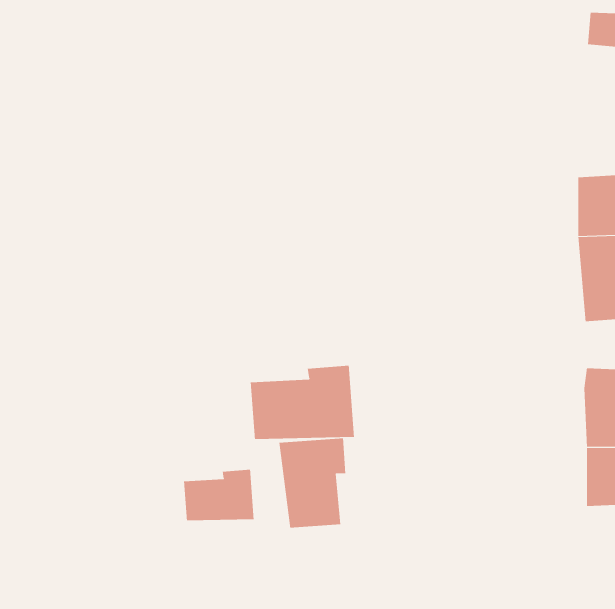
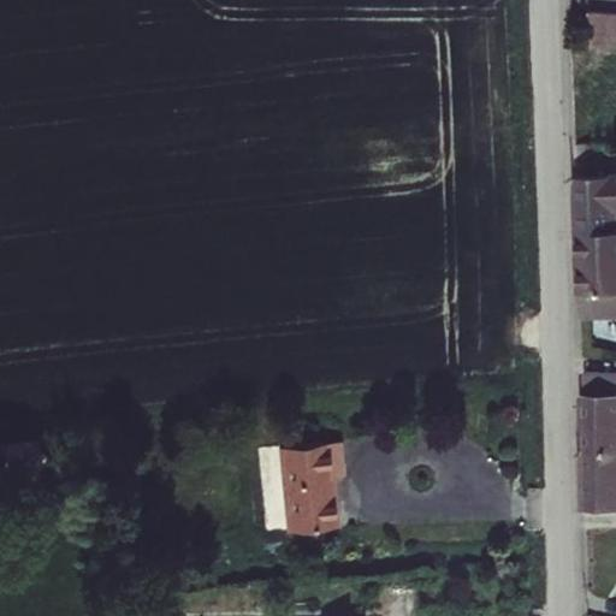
building: [250,365,354,440] -> none
building: [183,469,254,521] -> none

